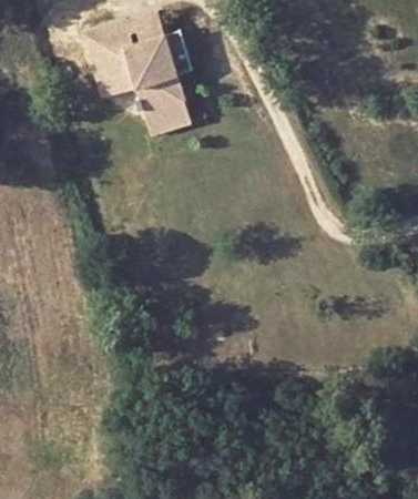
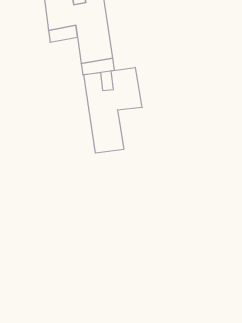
building: none -> [84,67,142,153]

